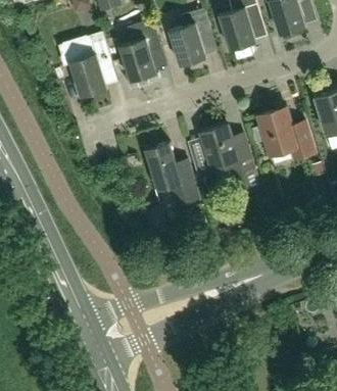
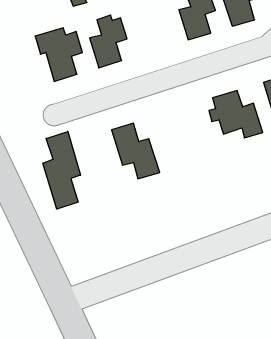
building: [170,9,211,65] -> none
building: [200,125,258,194] -> none
building: none -> [43,131,81,209]

